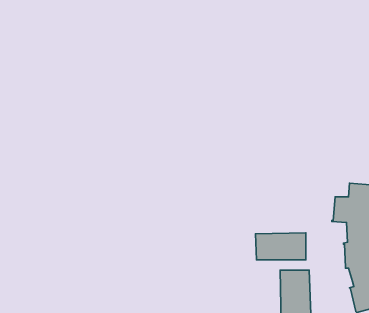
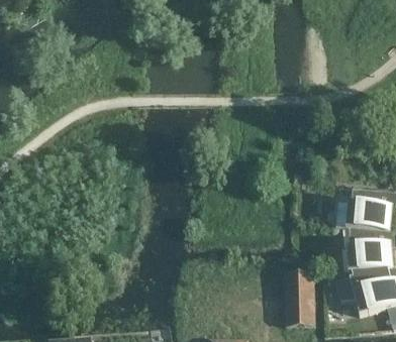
building: [256,233,306,260] -> none

